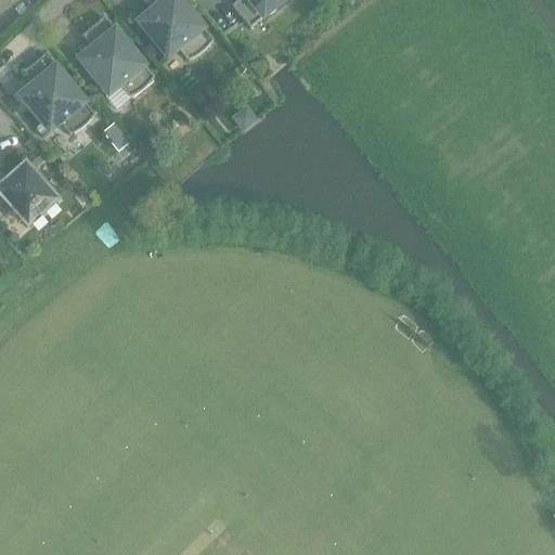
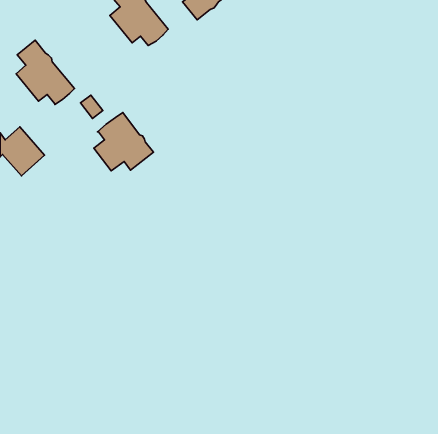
building: [79,14,153,94] -> none
building: none -> [94,112,153,171]

